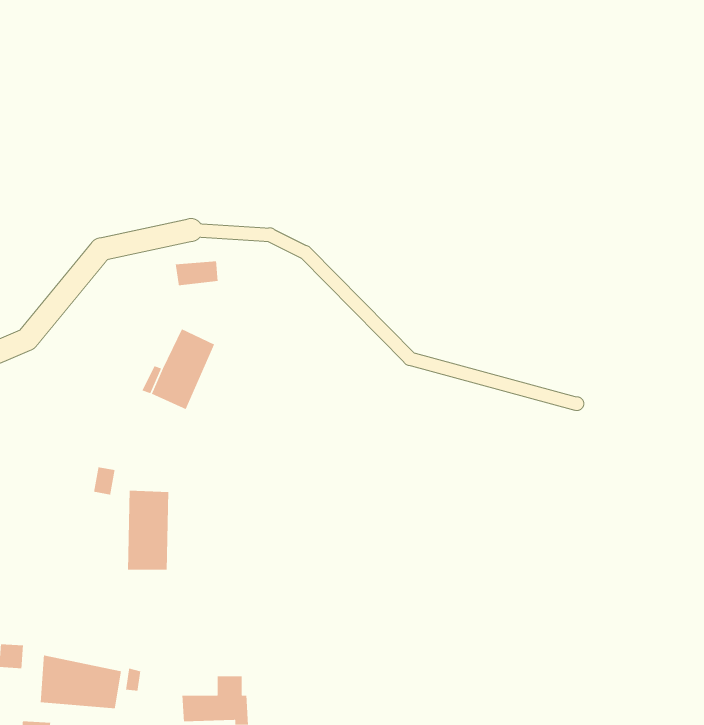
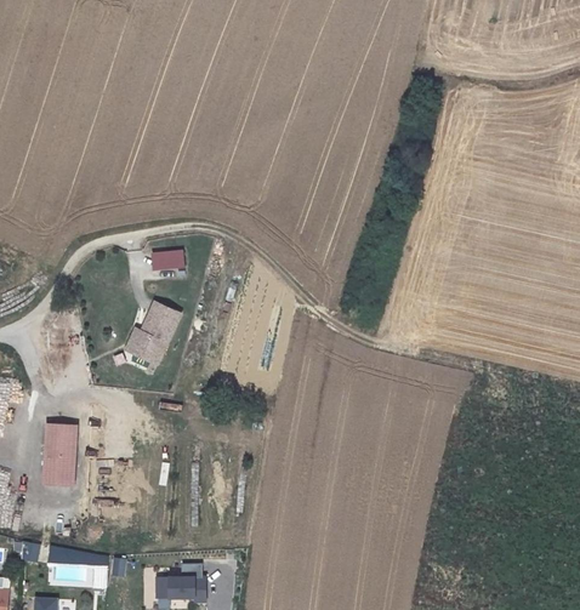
building: [127,490,169,570] -> [45,422,76,483]

